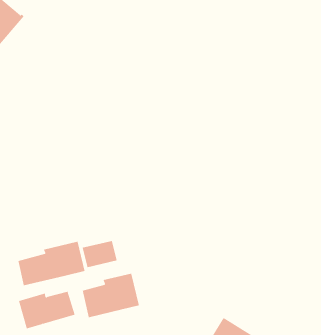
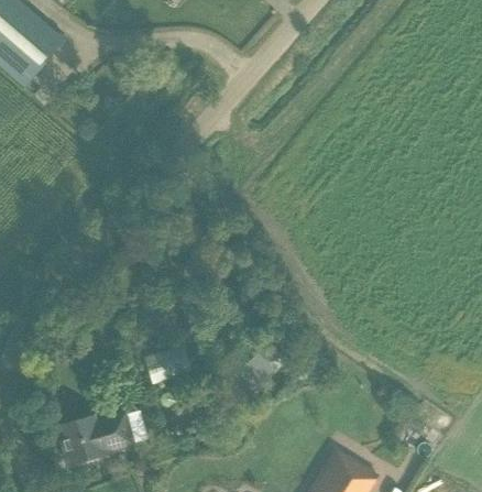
building: [18,241,85,286] -> none
building: [82,273,140,318] -> none

